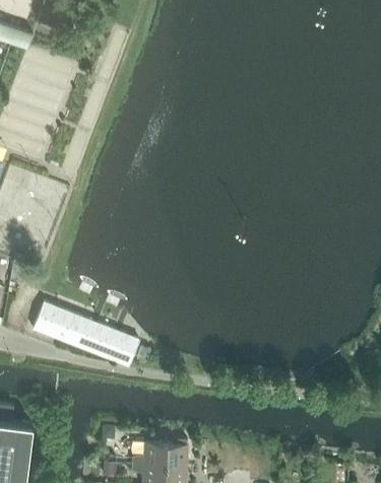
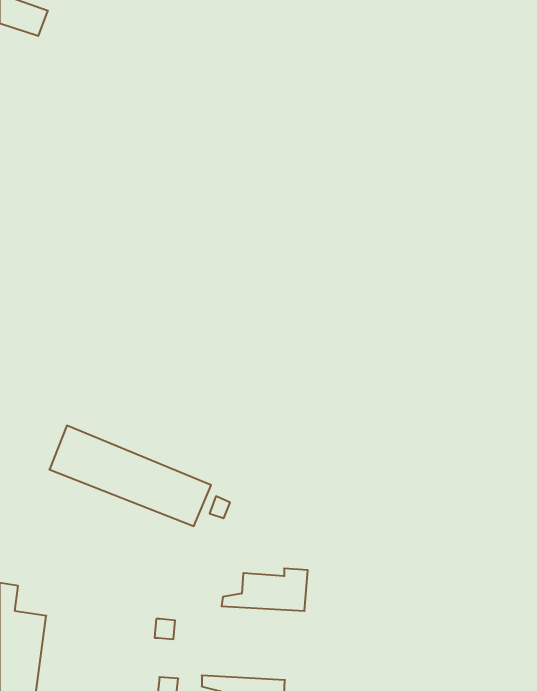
building: [132,438,188,466] -> [221,568,308,611]

